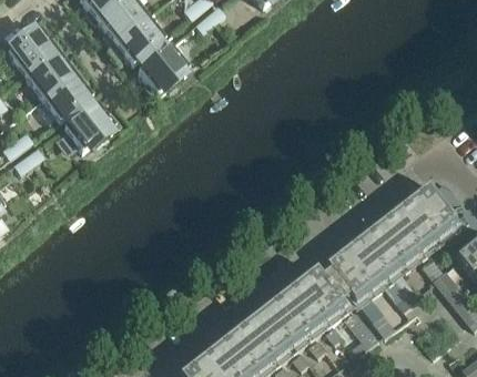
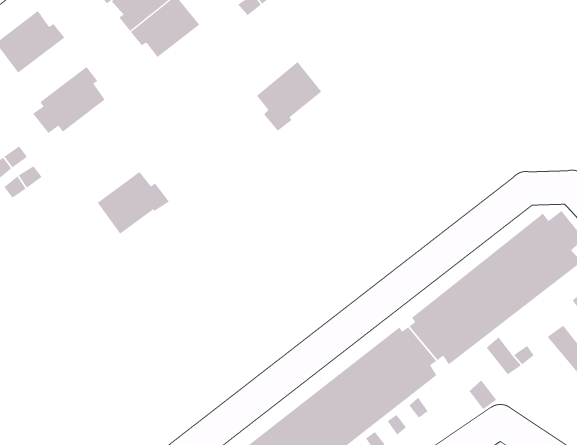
building: [136,43,187,98] -> [256,61,322,132]
building: [23,48,77,98] -> none
building: [62,102,119,151] -> [97,171,170,235]
building: [344,308,377,354] -> none

